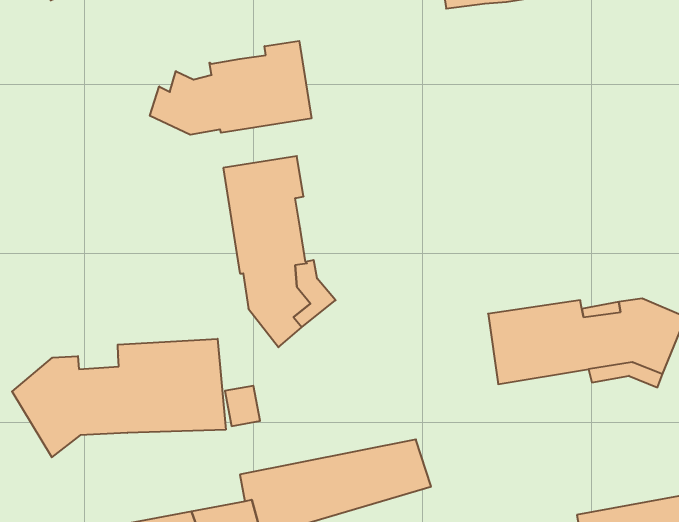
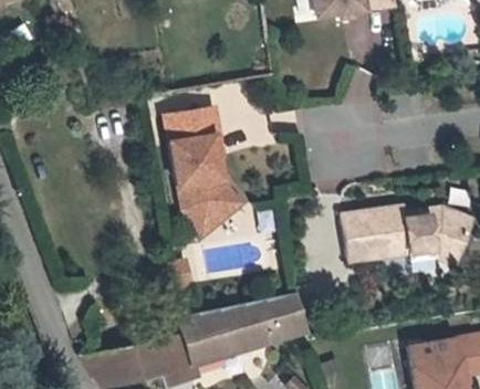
building: [150,41,311,135] -> none
building: [12,339,226,457] -> none

